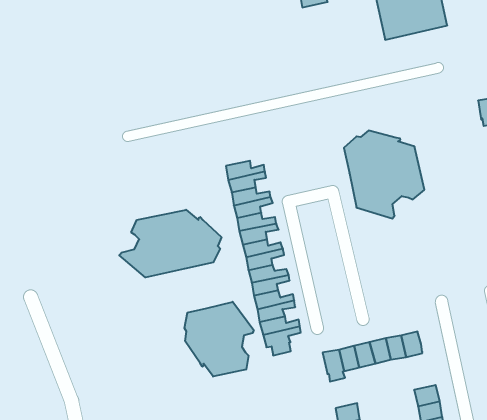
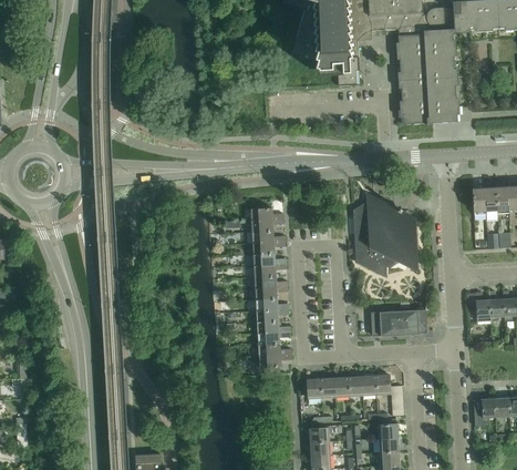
building: [119,210,221,277] -> none
building: none -> [371,309,427,337]
building: [185,302,254,377] -> none

